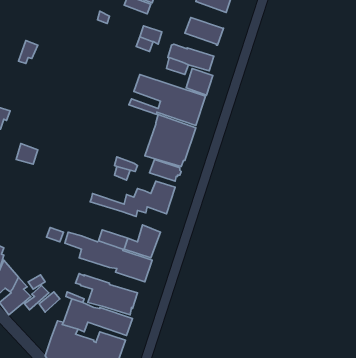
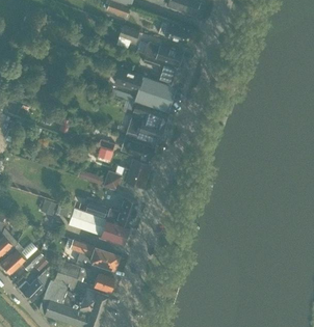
building: none -> [18,270,51,301]

